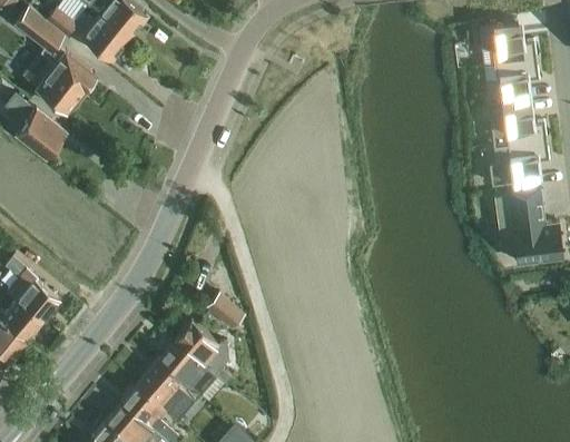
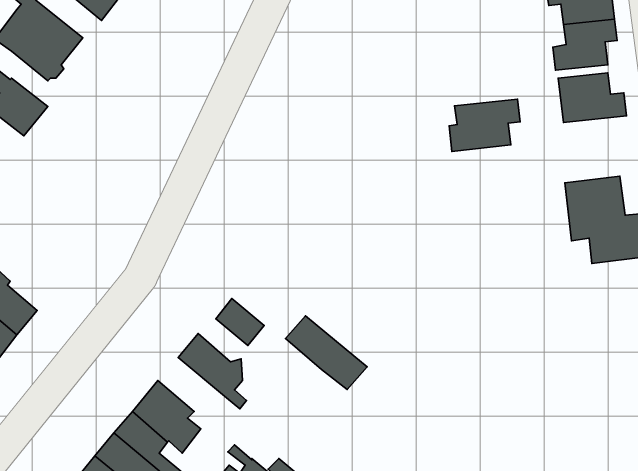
building: [489,140,548,184] -> [449,99,520,152]
building: [157,341,225,402] -> [285,316,367,390]

